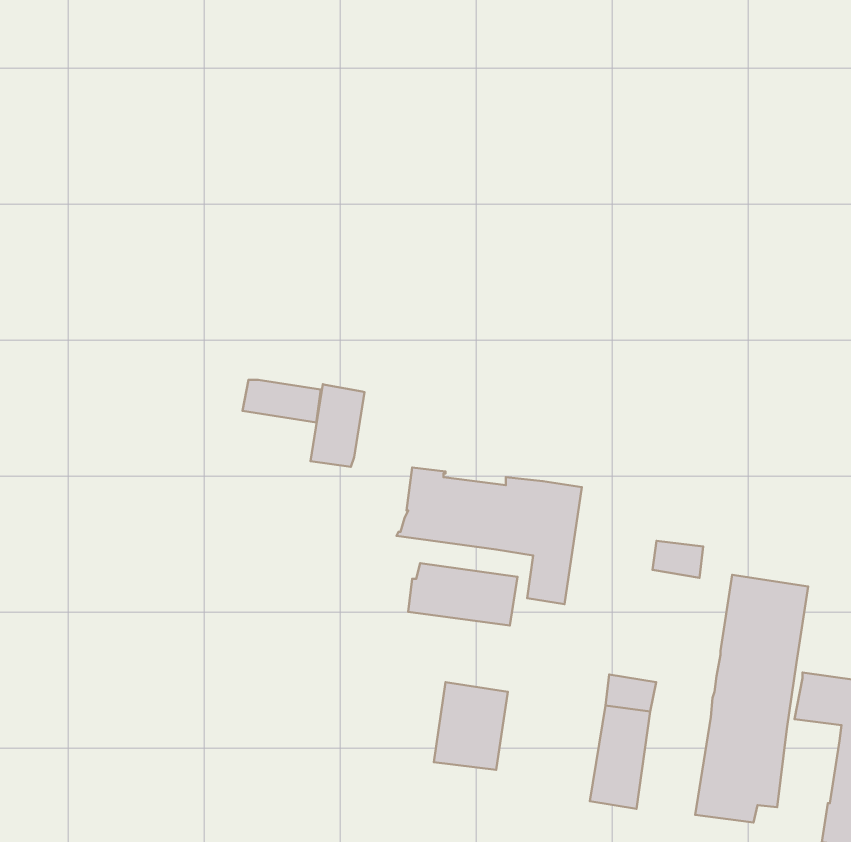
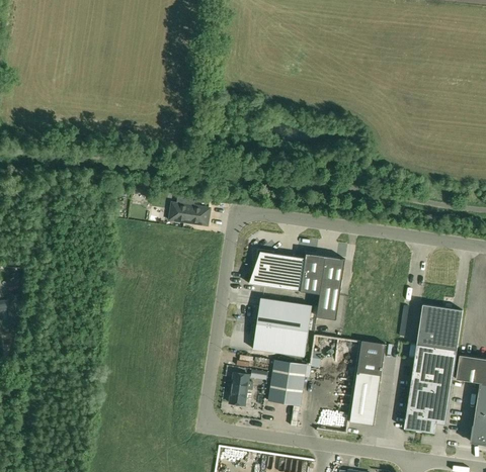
building: [311,384,365,467] -> none
building: [653,541,703,578] -> [358,341,385,360]
building: none -> [251,323,307,357]
building: none -> [228,373,248,405]

